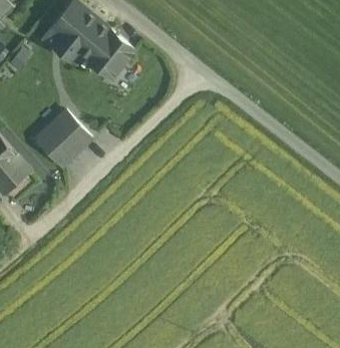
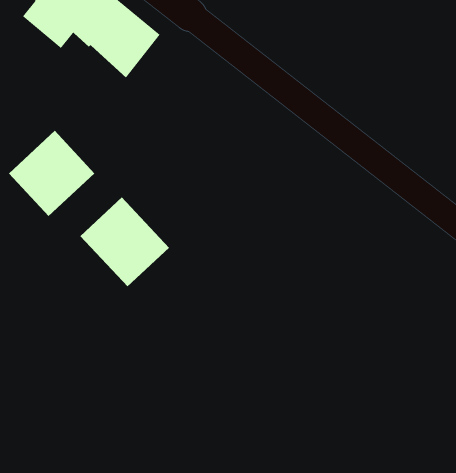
building: none -> [80,197,170,287]

